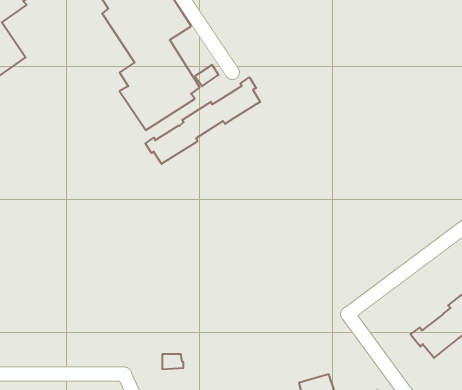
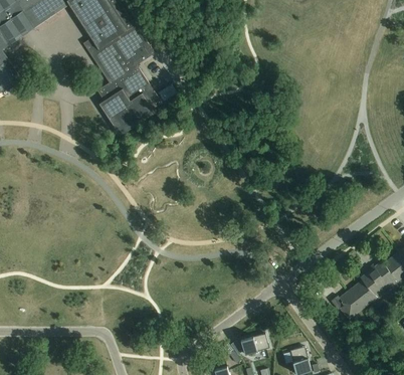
building: [145,77,260,164] -> none

